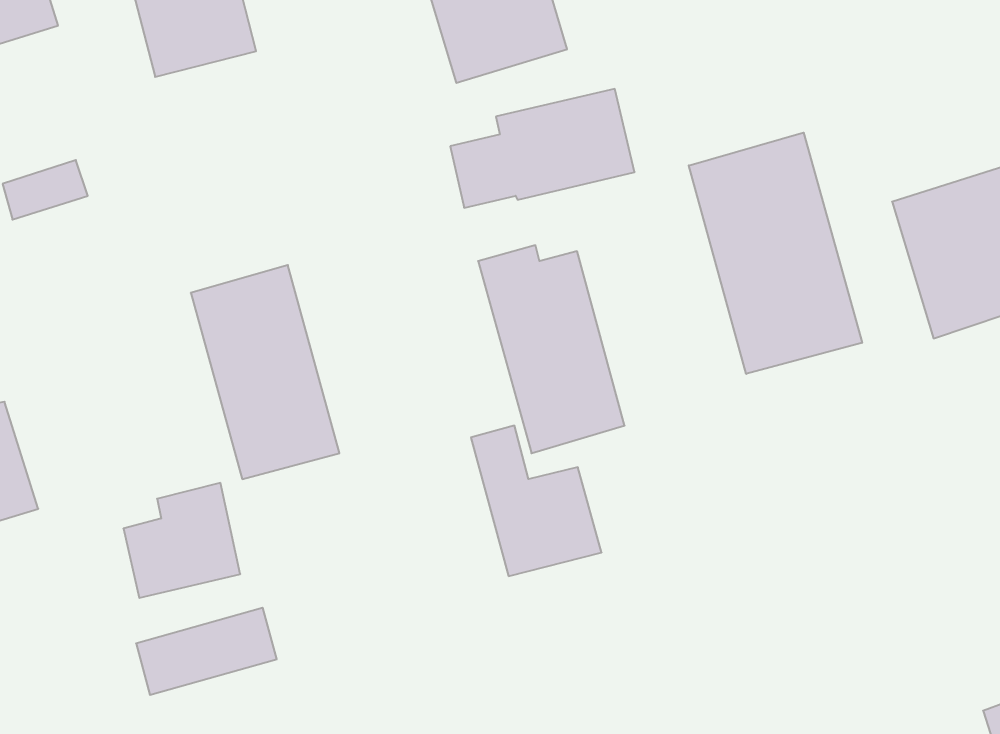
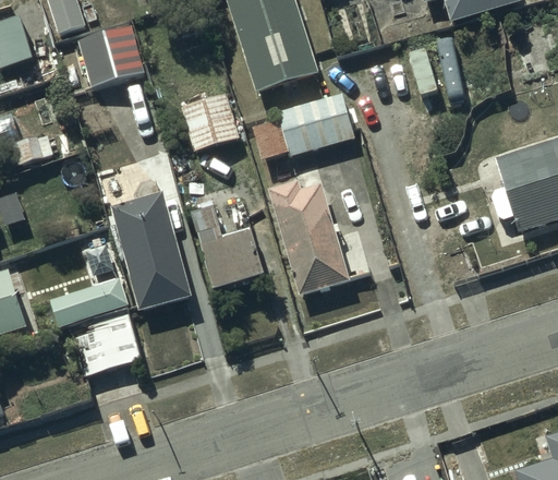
building: none -> [182,93,239,149]
building: [689,133,862,374] -> none
building: [471,426,602,576] -> [191,206,263,289]
building: [136,608,277,695] -> [50,277,128,325]

